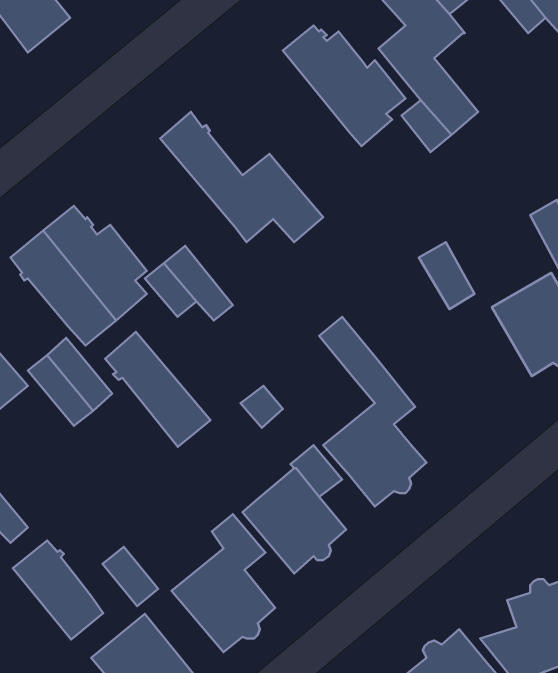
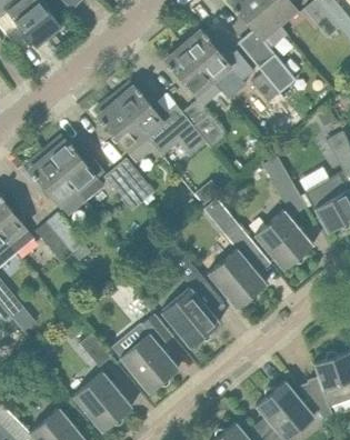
building: none -> [164,44,228,149]
building: [105,332,211,447] -> [93,96,154,162]
building: none -> [252,209,312,270]
building: [13,540,103,639] -> none

